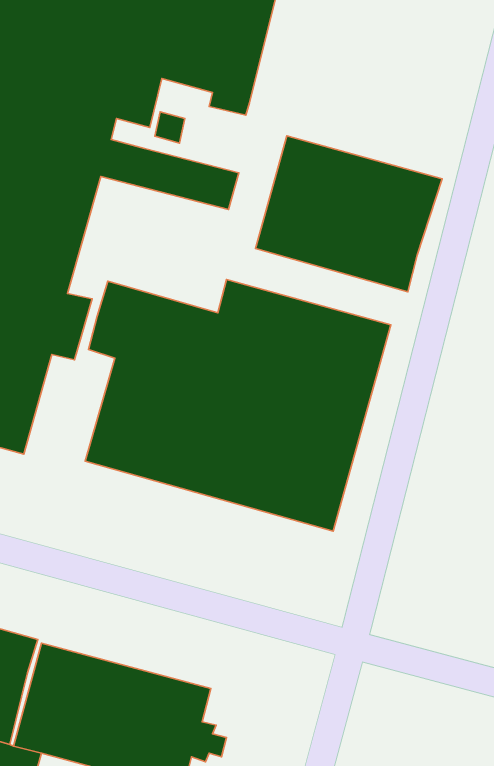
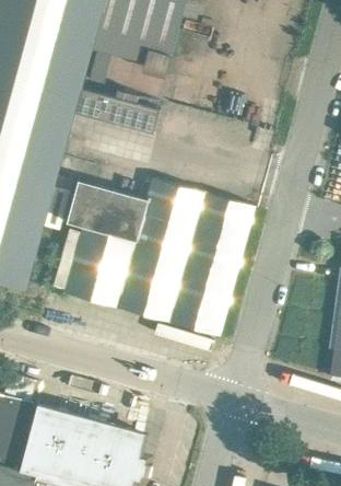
building: [255,136,442,292] -> none

